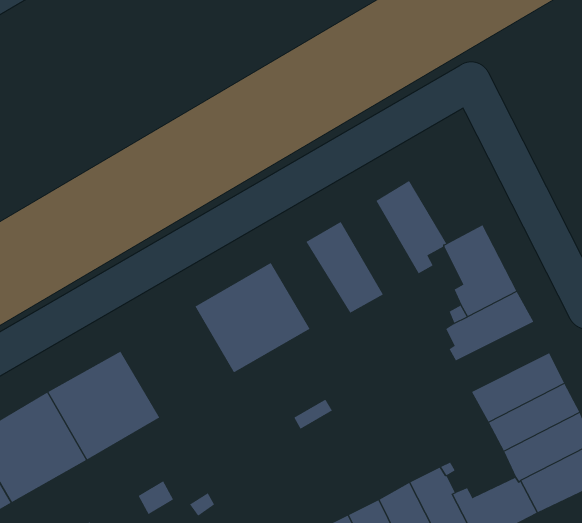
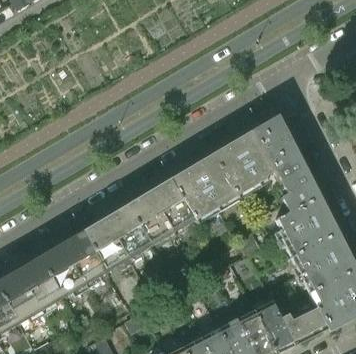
building: none -> [254,117,297,167]
building: none -> [214,142,259,197]
building: none -> [173,166,219,220]
building: none -> [85,204,151,269]
building: none -> [281,213,336,254]

